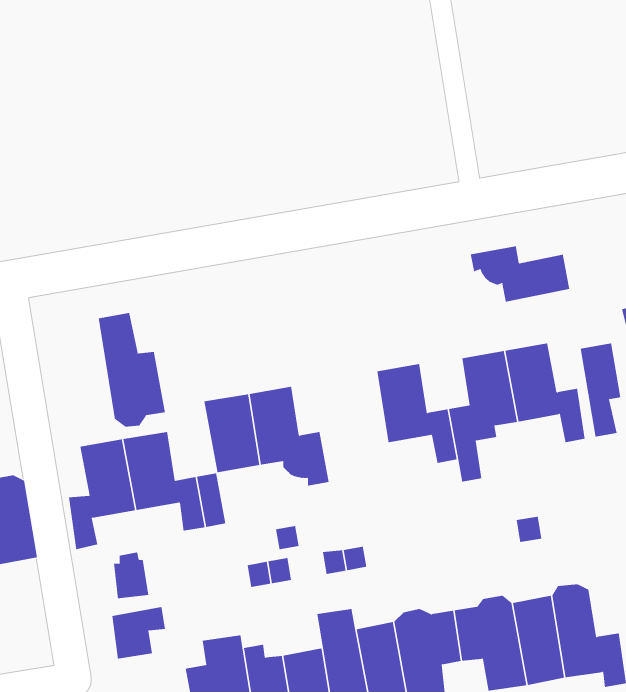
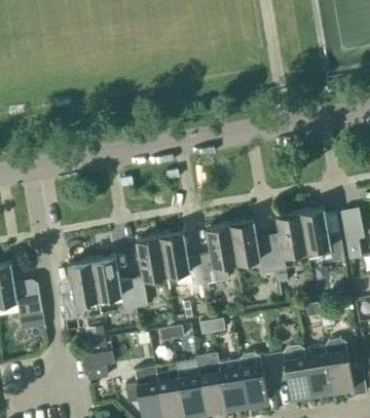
building: [470,246,570,302] -> none
building: [98,312,165,427] -> none
building: none -> [199,224,236,284]

